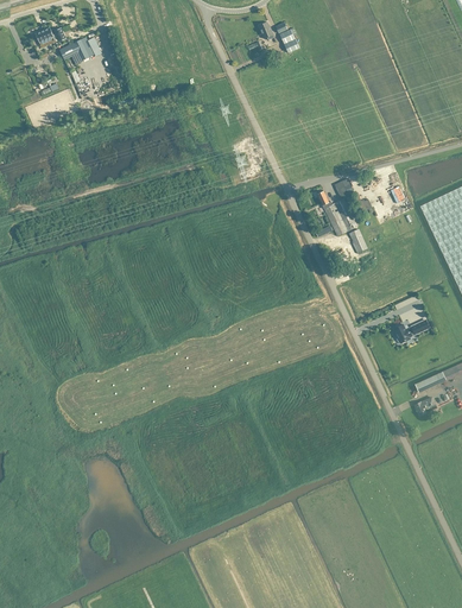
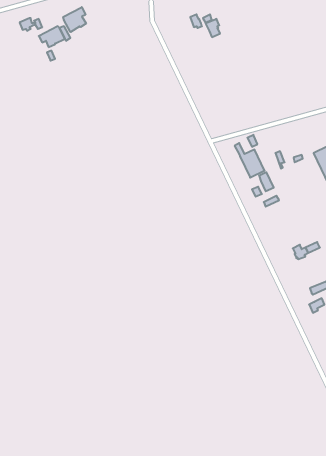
building: none -> [63,7,86,32]

